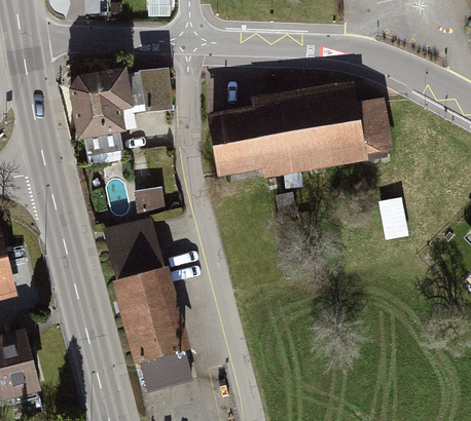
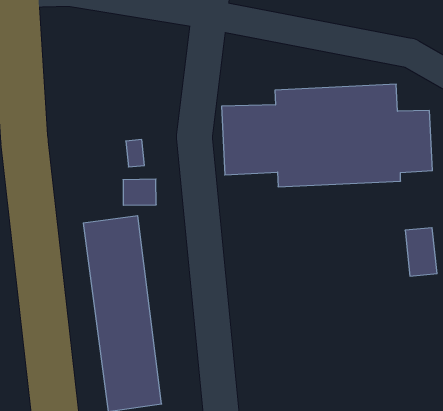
building: [140,69,173,113] -> none
building: [74,73,132,156] -> none

